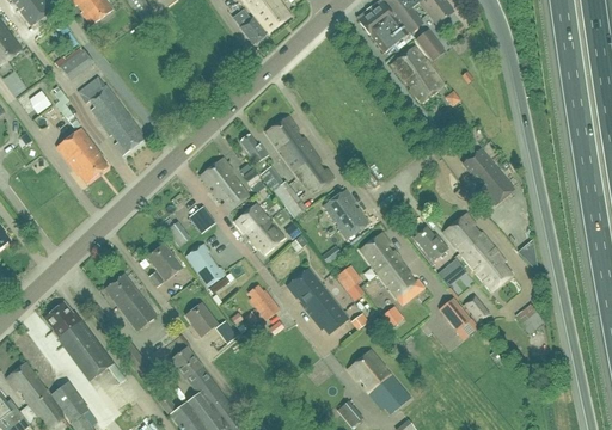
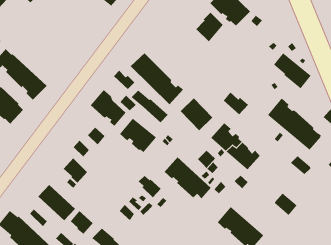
building: none -> [195,12,224,42]
building: [415,226,449,260] -> [223,92,249,115]
building: [185,245,226,288] -> none
building: [439,297,471,331] -> [274,193,298,216]
building: [186,302,219,337] -> [70,210,94,234]

